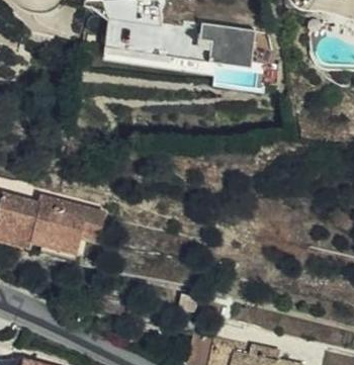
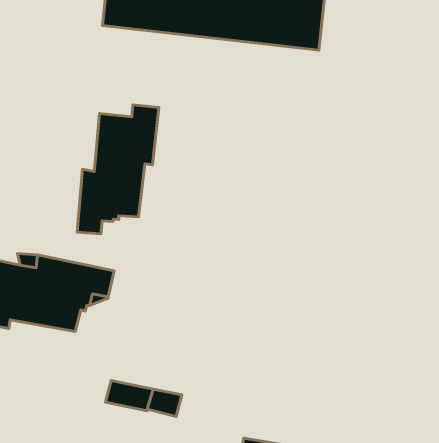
building: none -> [77,105,159,234]

